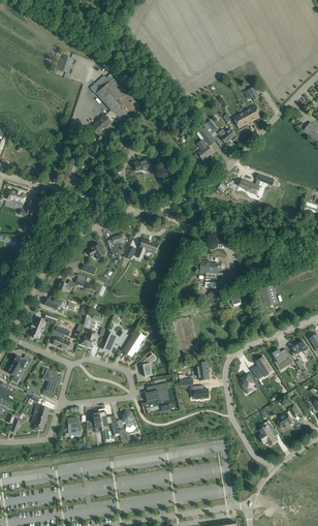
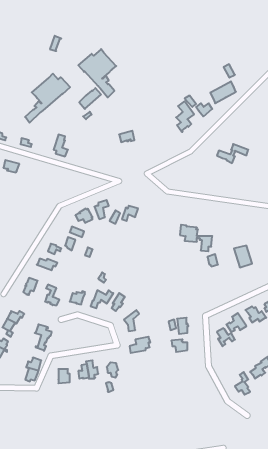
building: none -> [25,74,70,123]

